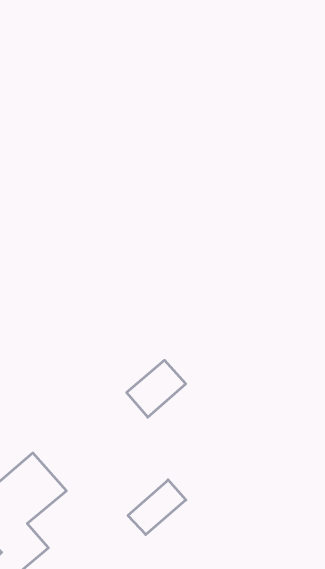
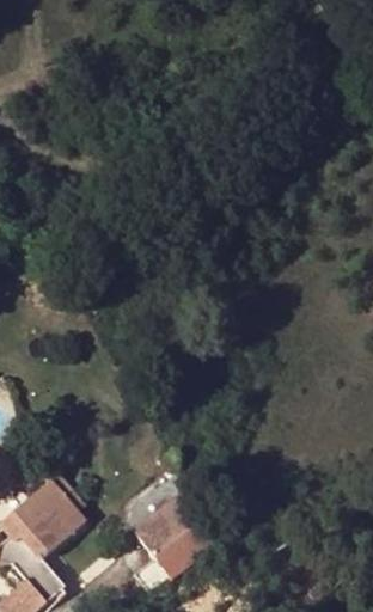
building: [127,360,186,417] -> [128,490,191,551]

